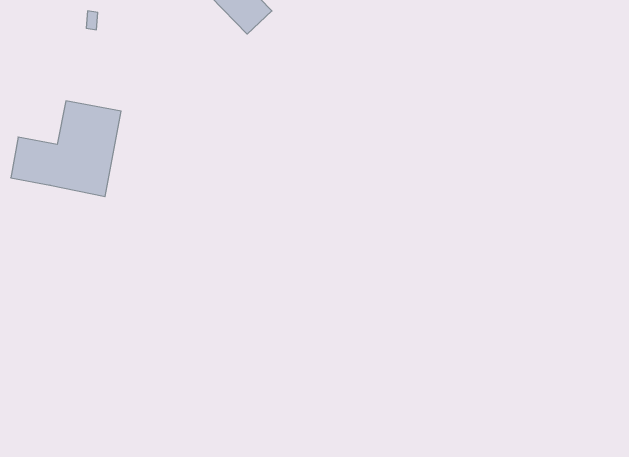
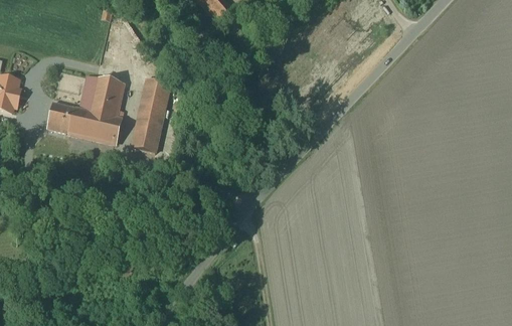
building: none -> [131,74,177,148]

